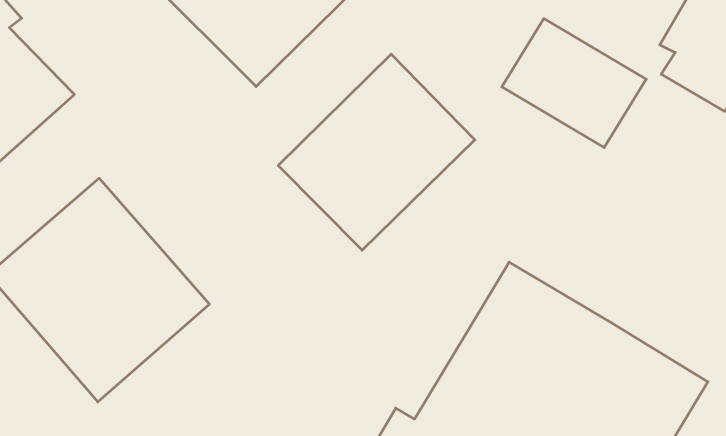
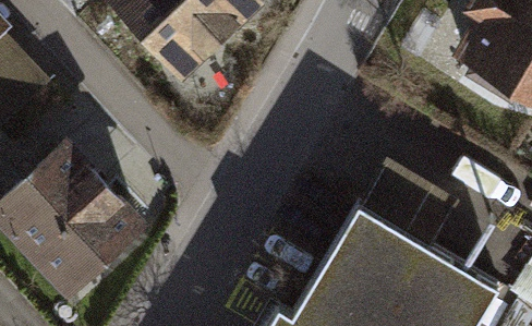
building: [502,19,646,148] -> [359,154,460,244]
building: [278,54,475,250] -> none

